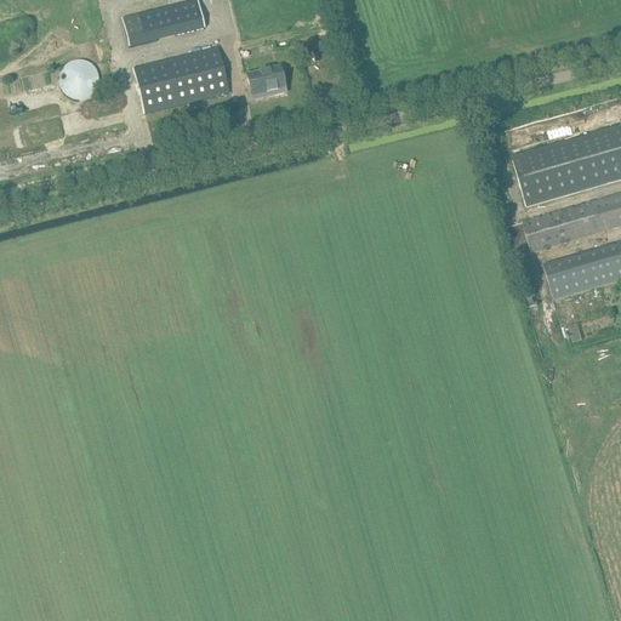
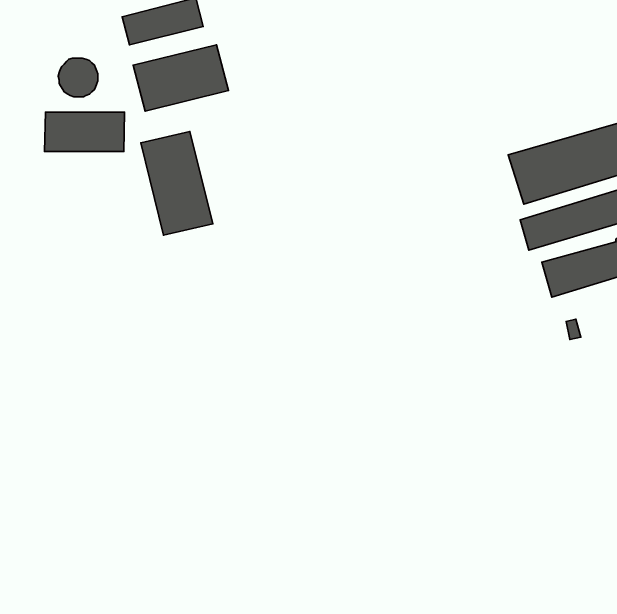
building: [247,65,286,95] -> none
building: none -> [45,112,125,151]
building: none -> [141,132,213,235]

